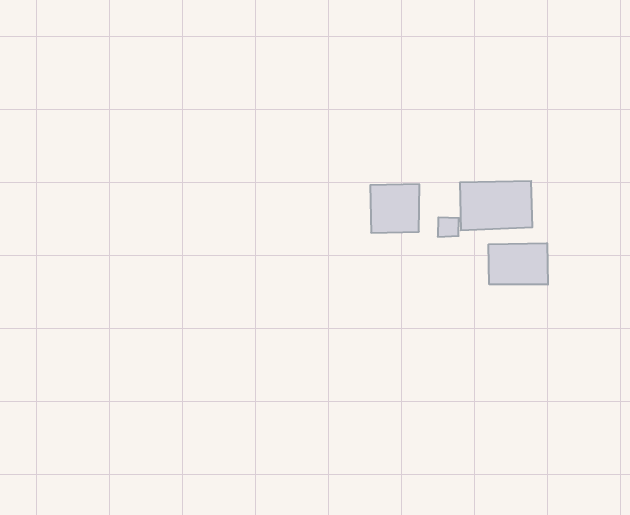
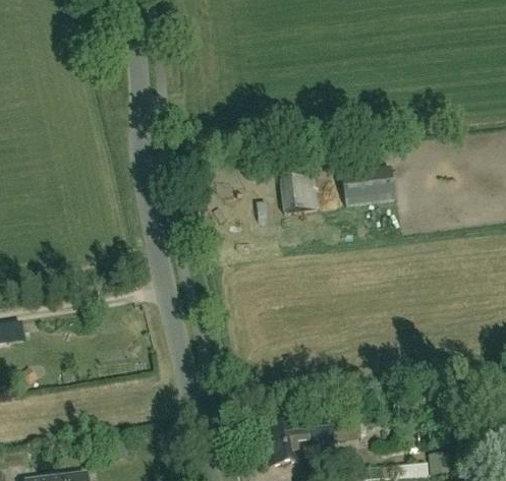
building: [489,243,548,285] -> none

